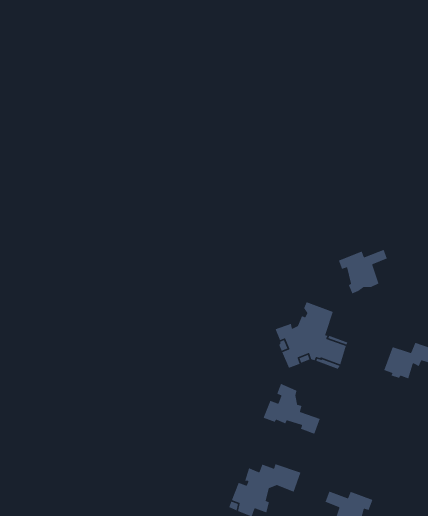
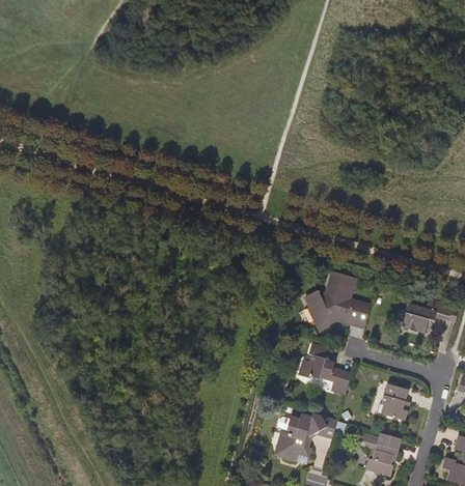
building: [338,249,388,295] -> none
building: none -> [381,382,407,420]

